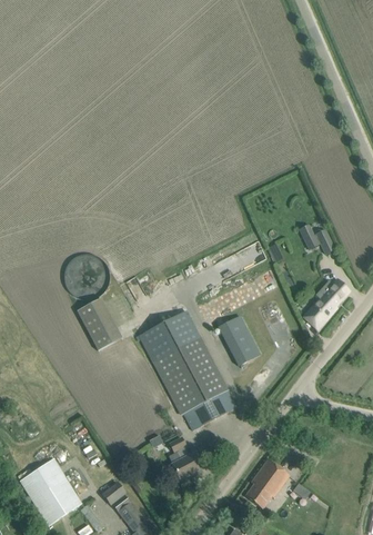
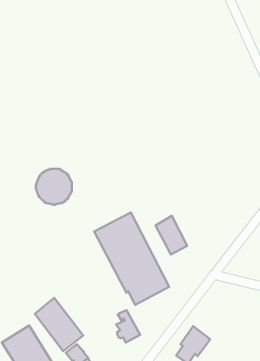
building: [302,229,335,254] -> none
building: [303,278,350,328] -> none
building: [77,298,122,350] -> none
building: none -> [35,298,83,351]

